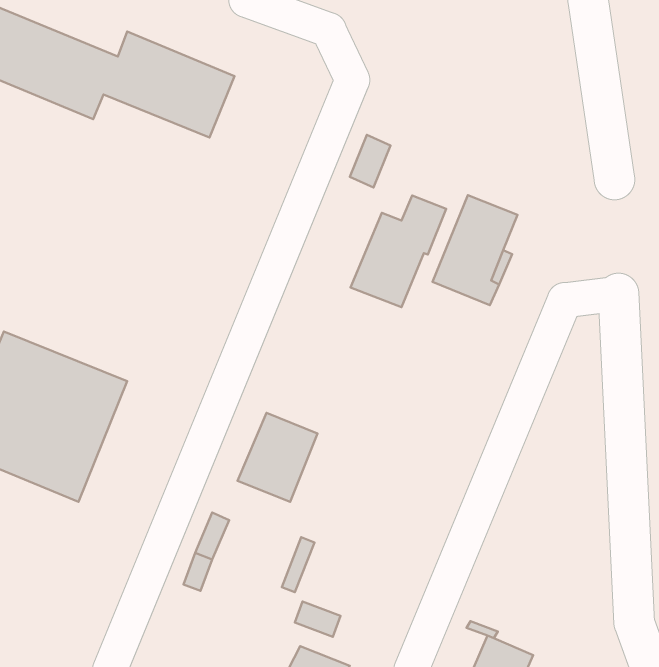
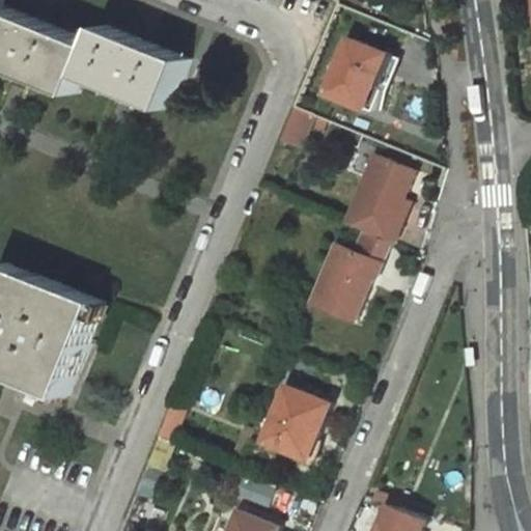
building: none -> [327,40,392,112]
building: [350,196,446,307] -> [310,233,386,322]
building: [238,413,318,502] -> [263,389,327,459]

